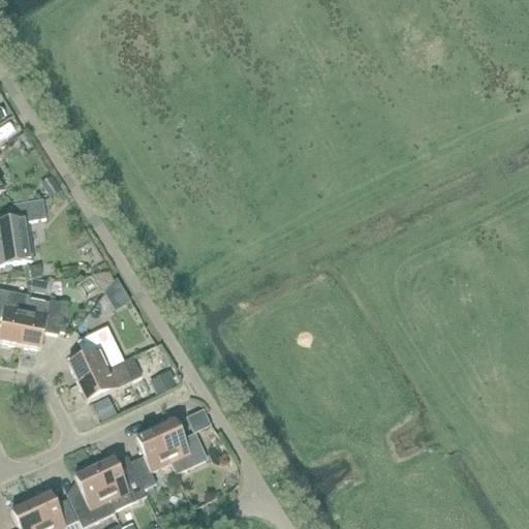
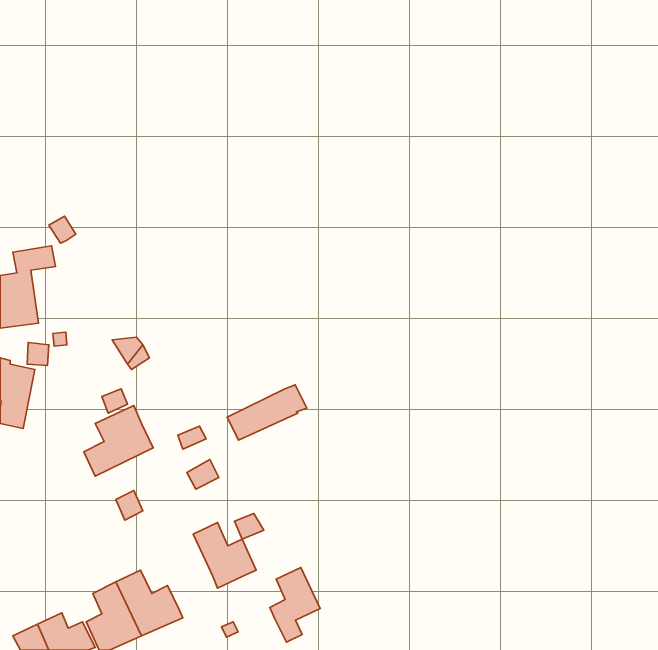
building: [19,297,65,348] -> none
building: [76,356,141,401] -> [227,385,307,440]
building: [130,429,170,489] -> [270,567,320,642]

